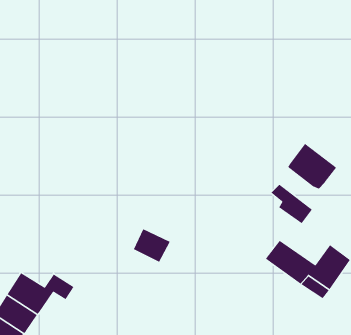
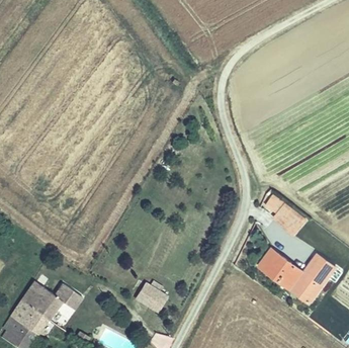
building: [287,143,337,190] -> none
building: [133,228,171,263] -> [135,281,169,313]

